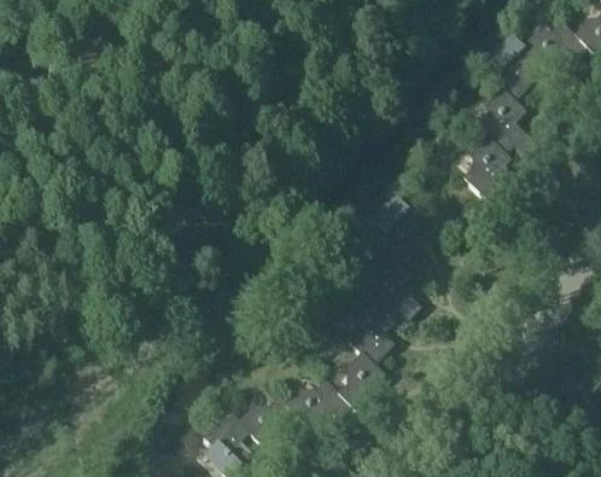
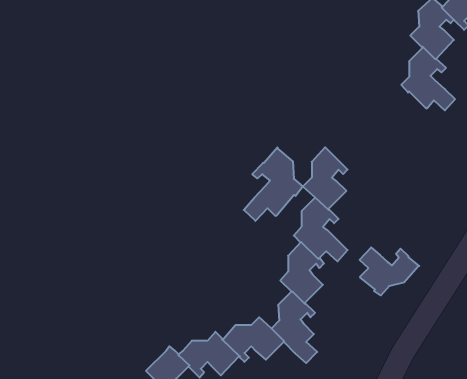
building: [465,133,523,202] -> none
building: none -> [244,147,303,221]
building: none -> [360,247,419,295]

